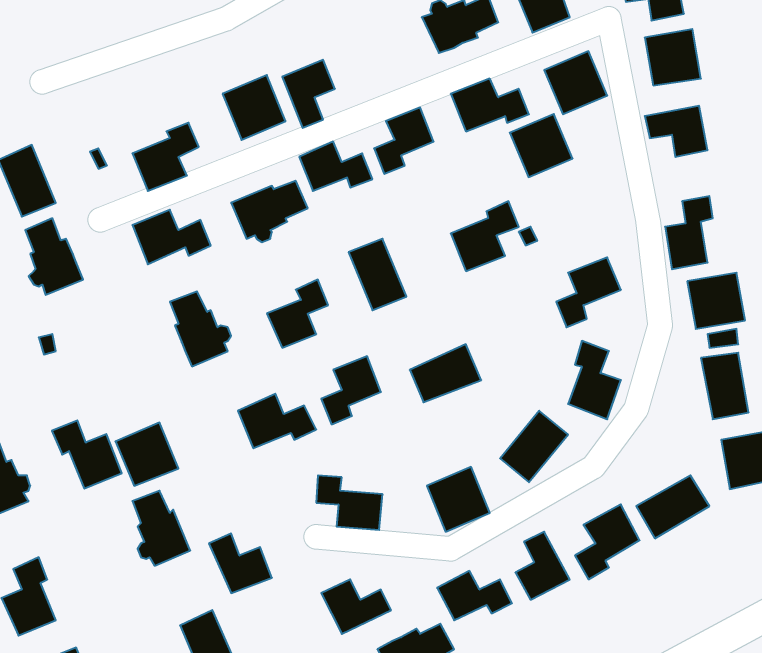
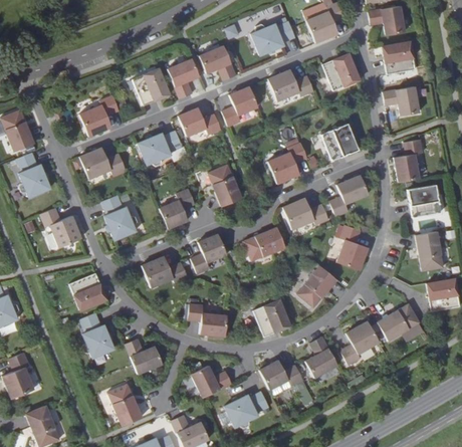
building: none -> [199,45,236,80]
building: [510,114,573,177] -> [321,123,359,160]
building: none -> [282,197,328,229]
building: [52,420,122,489] -> [40,207,81,247]

